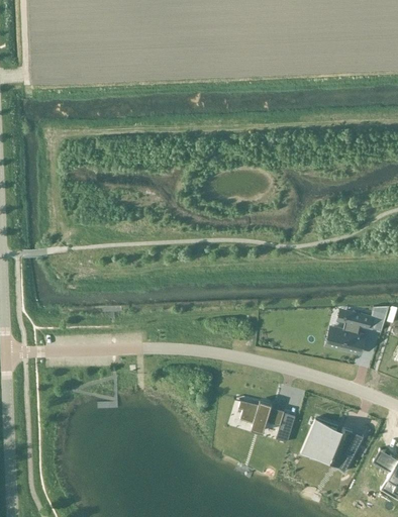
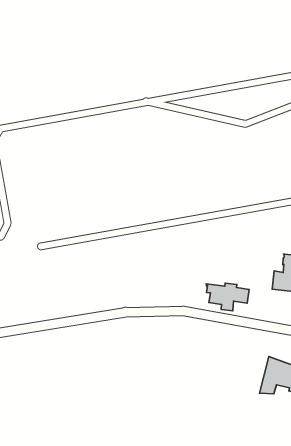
building: [239,400,285,432] -> [206,283,249,311]

